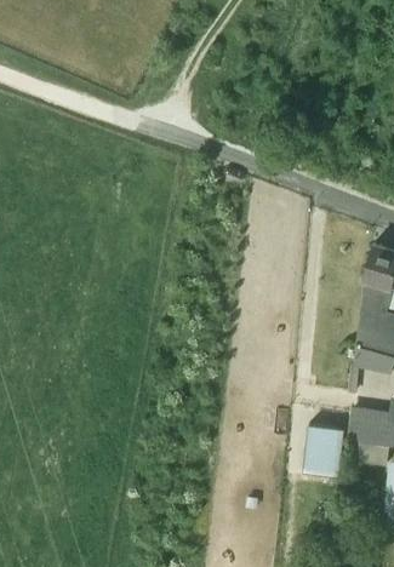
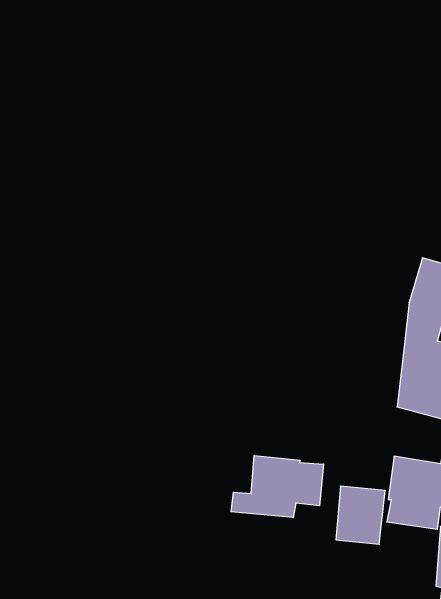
building: none -> [231,455,324,518]

